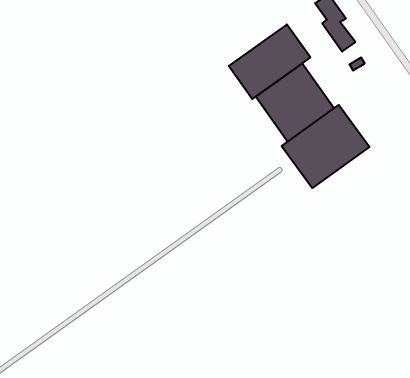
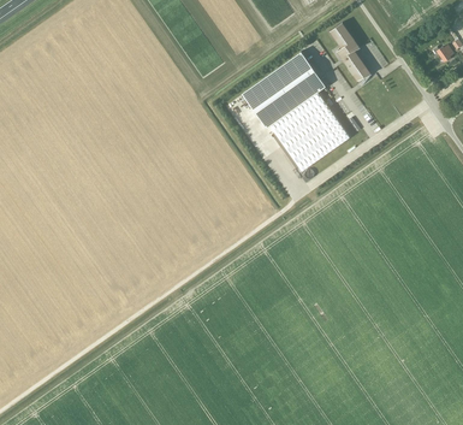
building: [282,105,369,188] -> none

